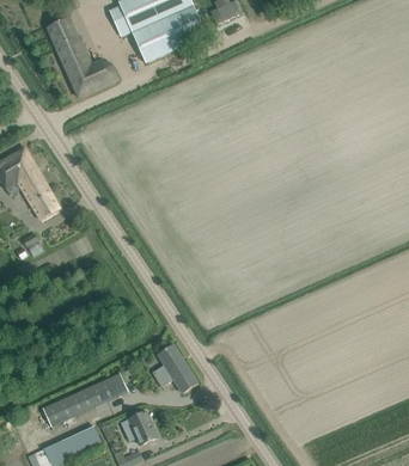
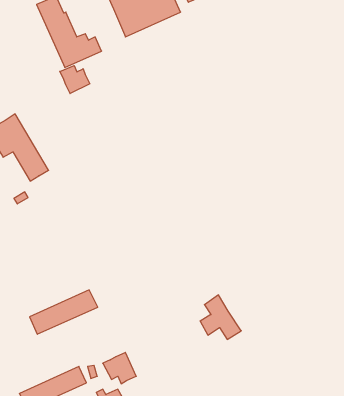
building: none -> [60,66,90,94]
building: [152,343,197,392] -> [200,295,241,339]
building: [42,379,117,428] -> [30,290,98,334]

